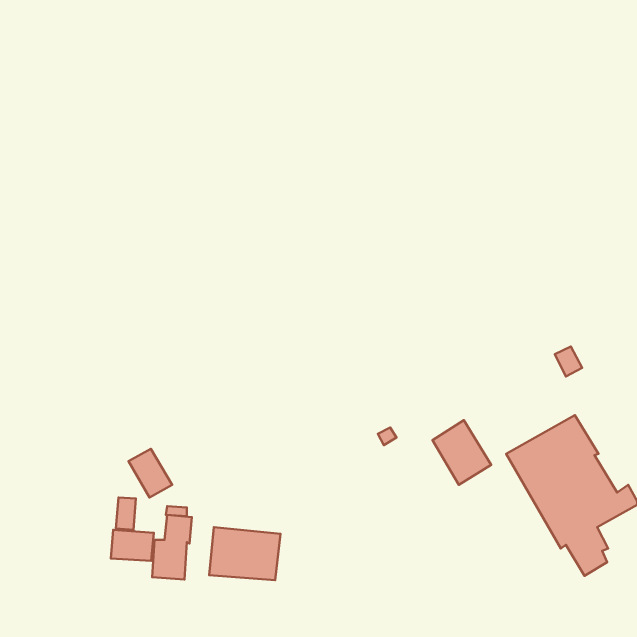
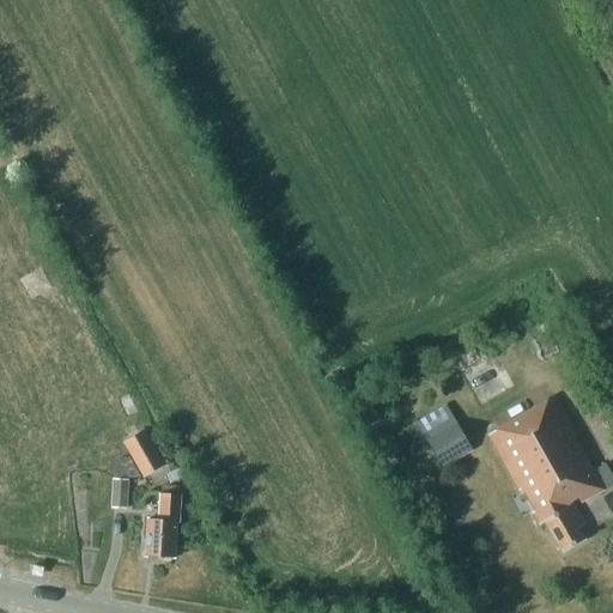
building: [209,527,281,580] -> none
building: [111,530,154,561] -> none

